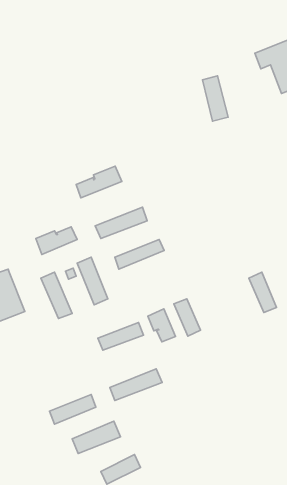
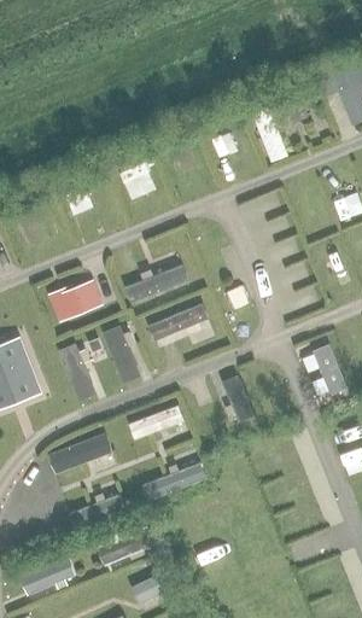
building: [76,166,122,198] -> none
building: [148,309,175,342] -> none
building: none -> [48,431,112,472]
building: none -> [21,556,74,594]

